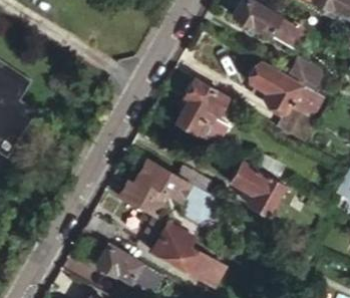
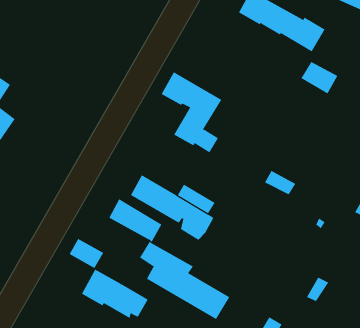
building: [248,62,324,142] -> none
building: [232,162,287,218] -> none

